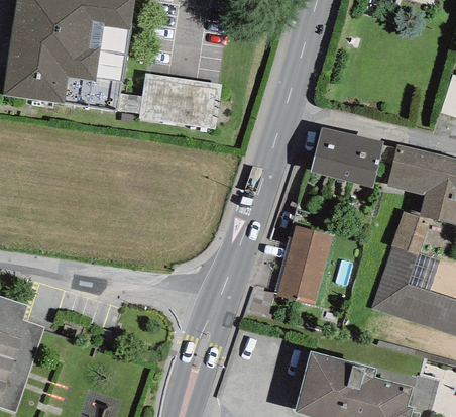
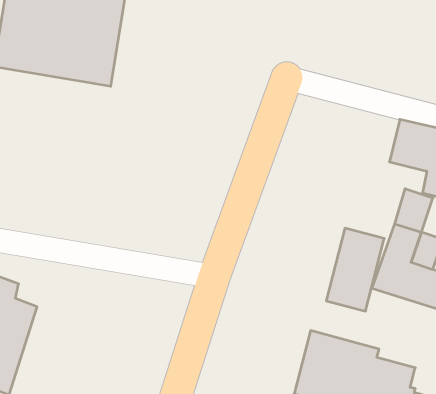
building: [138,72,221,128] -> none
building: [310,128,382,188] -> none
building: [275,224,332,305] -> [326,228,384,311]

